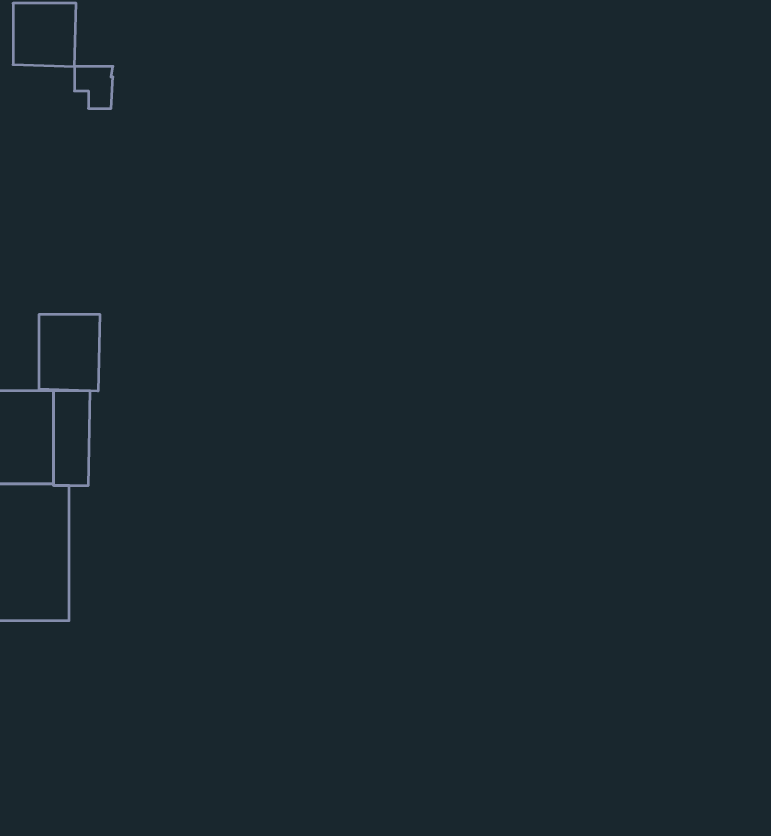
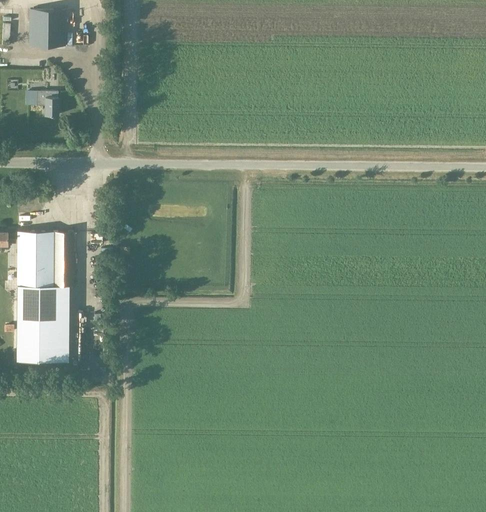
building: [74,66,113,108] -> [37,92,59,116]
building: [39,314,100,391] -> none

